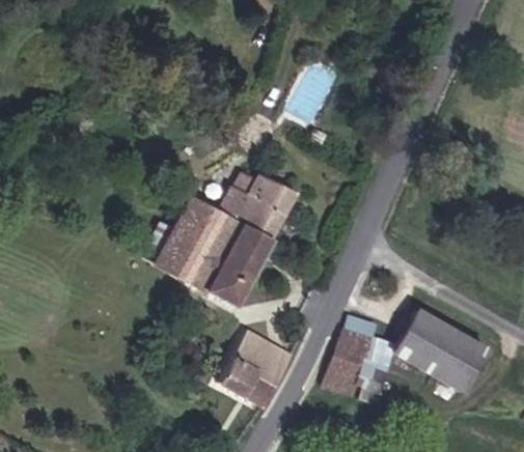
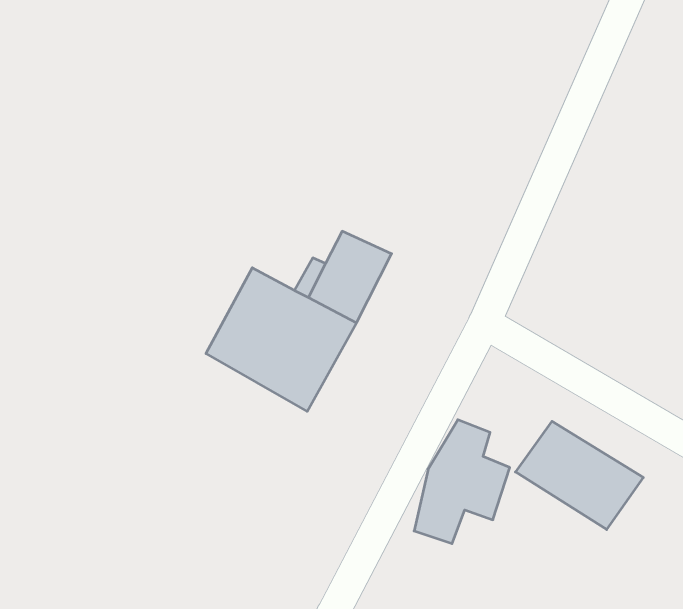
building: [218,314,297,399] -> none

